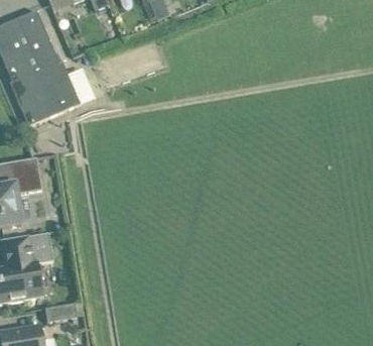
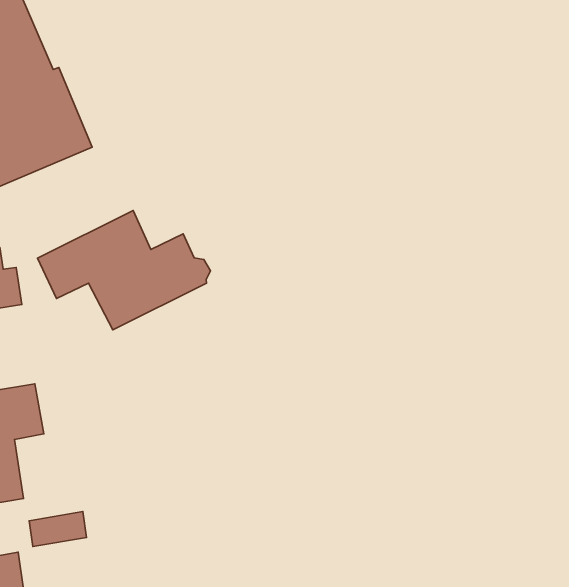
building: none -> [37,210,210,330]

